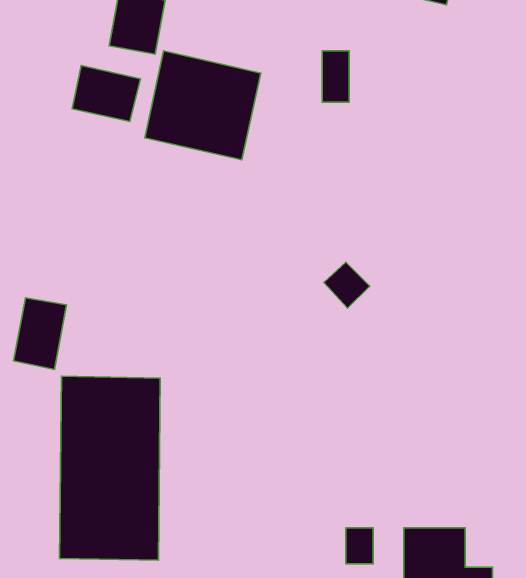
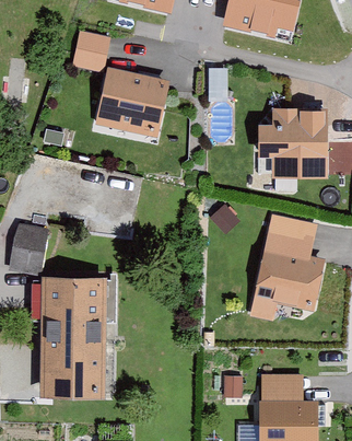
building: [72,65,140,122] -> none
building: none -> [260,107,329,176]
building: none -> [250,217,324,316]

